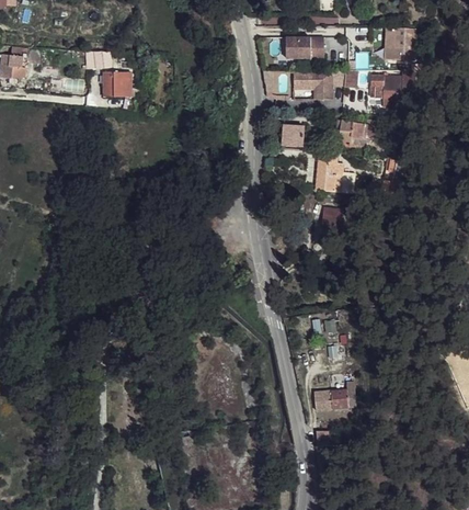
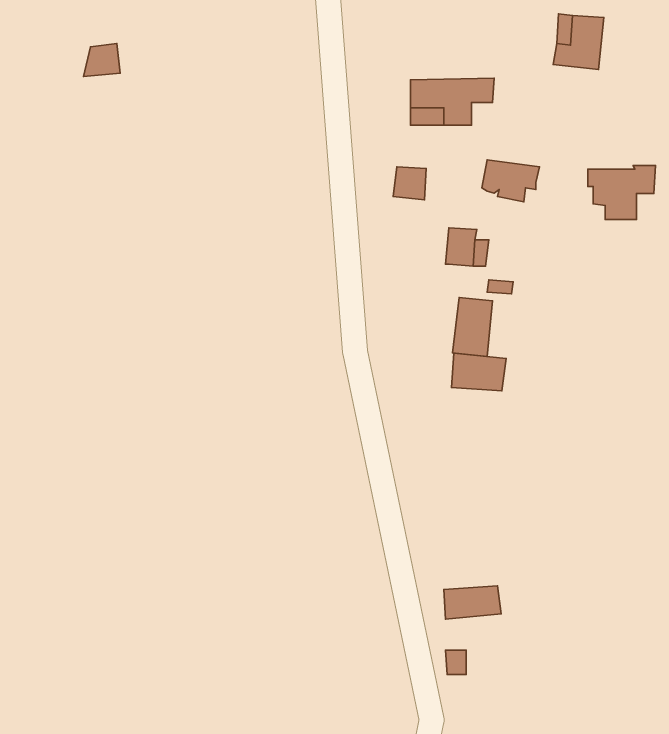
building: [286,37,324,59] -> none
building: [102,71,129,95] -> none
building: [371,71,414,105] -> [588,166,656,219]
building: none -> [451,353,506,391]

